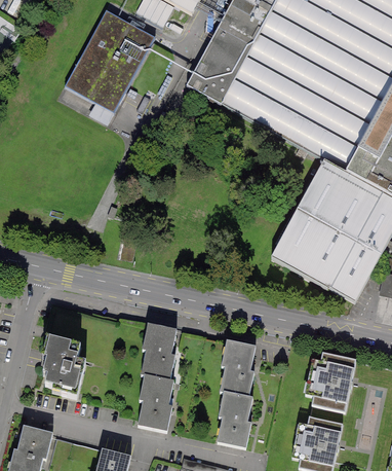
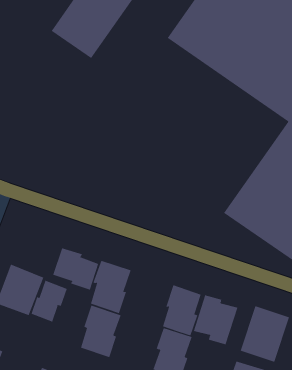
building: none -> [52,248,99,290]
building: none -> [193,295,238,345]
building: none -> [31,280,67,322]

